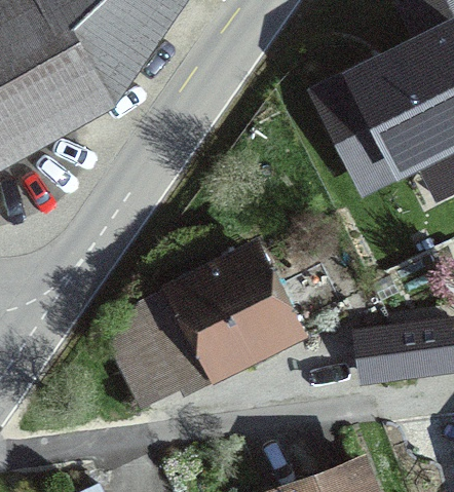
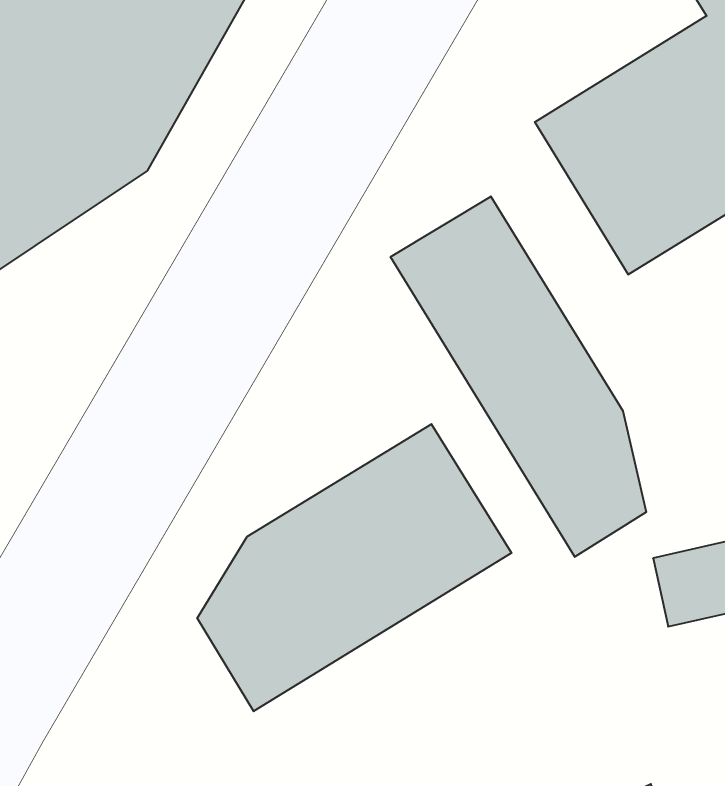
building: none -> [391,196,646,557]

